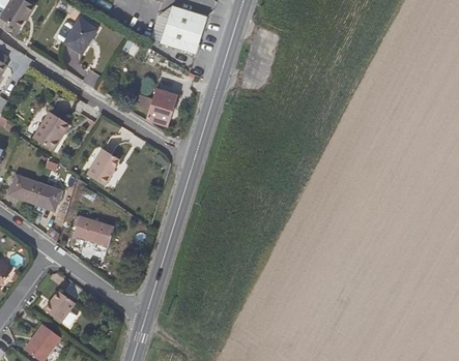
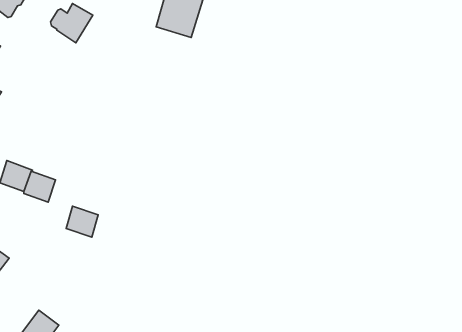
building: [147,86,177,125] -> none
building: [32,113,67,152] -> none
building: [85,151,117,187] -> none
building: [45,284,78,317] -> none

